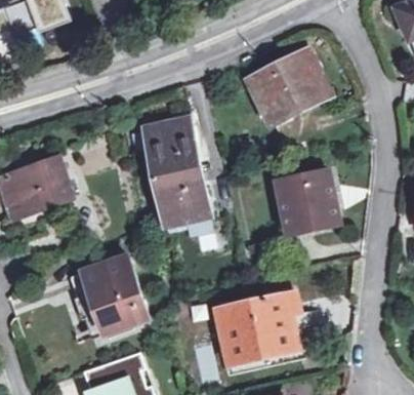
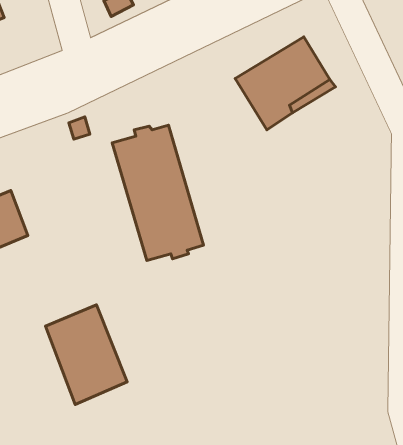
building: [280,170,341,231] -> none
building: [220,292,299,361] -> none

